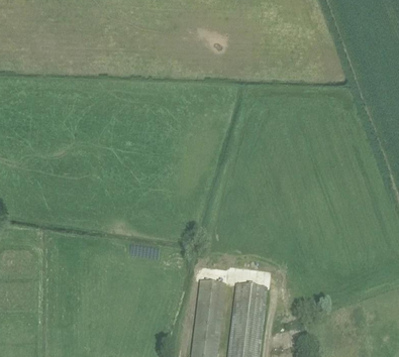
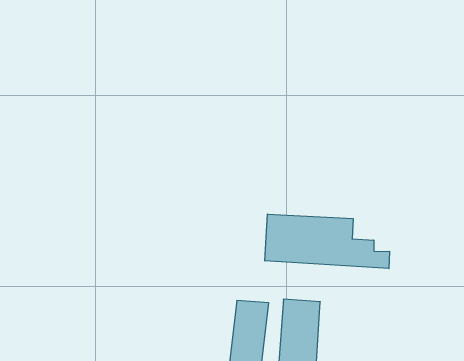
building: none -> [265,214,390,269]

